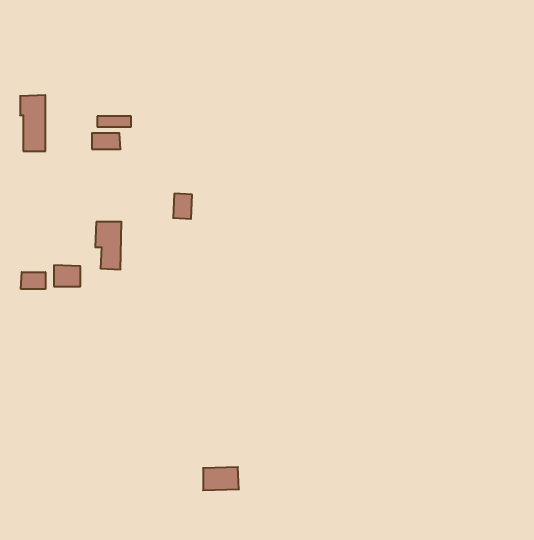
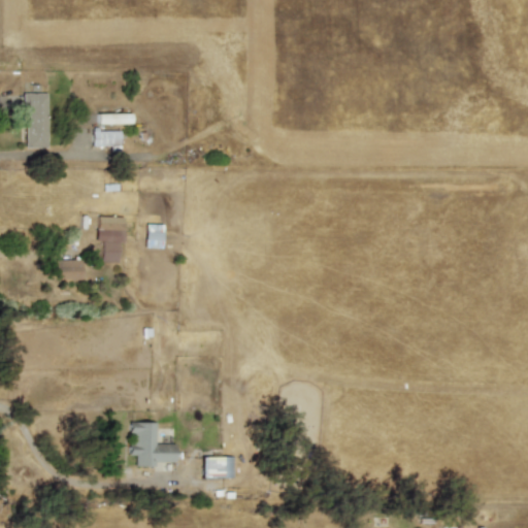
building: [173,194,192,219] -> [147,224,166,249]
building: [21,272,45,289] -> none
building: none -> [132,422,178,466]

